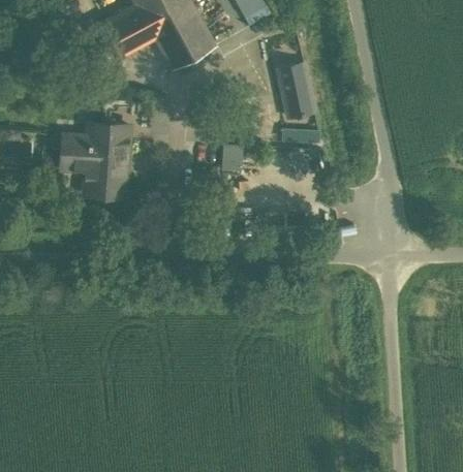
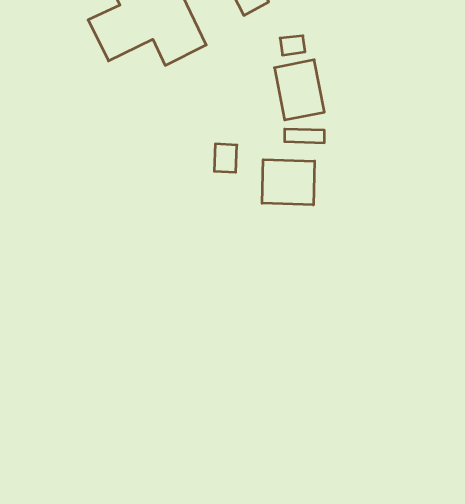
building: [64,121,132,195] -> none
building: none -> [262,160,315,205]

